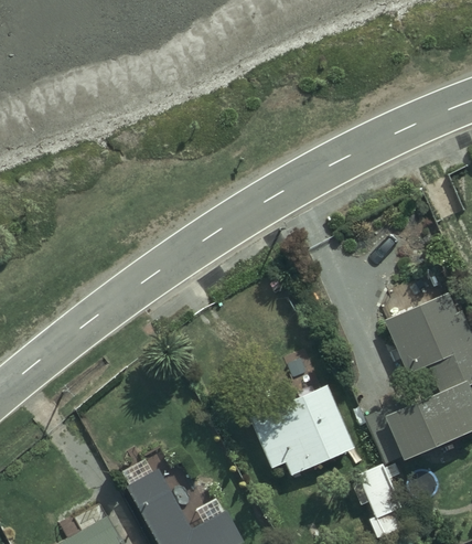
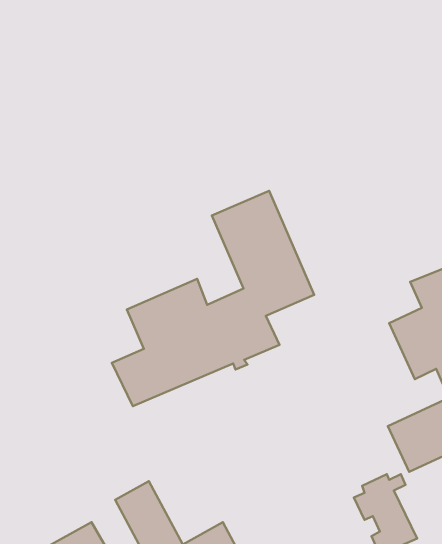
building: none -> [112,191,314,406]
building: [249,383,356,477] -> none

